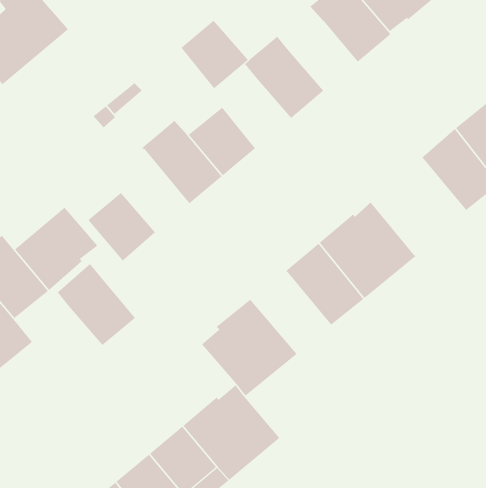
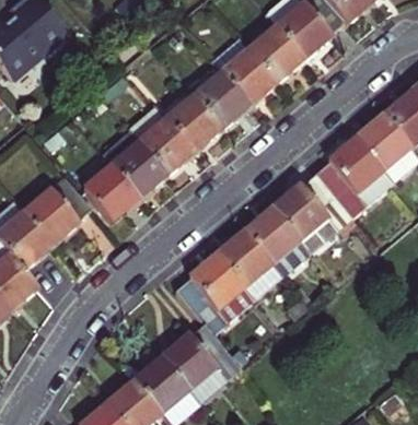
building: [181,20,249,89] -> [194,72,249,129]
building: none -> [248,25,304,82]
building: none -> [315,137,393,216]
building: [57,263,136,346] -> [102,130,166,198]
building: none -> [217,229,282,297]

